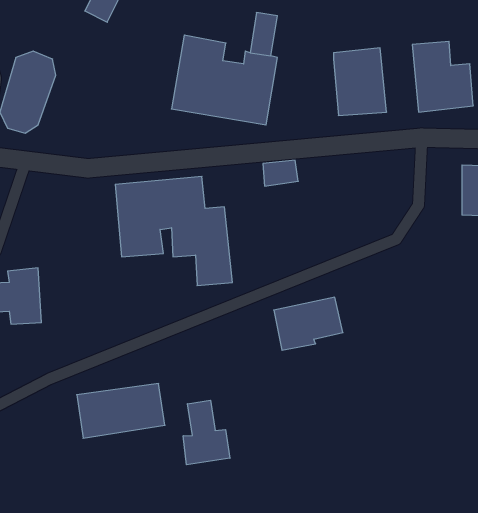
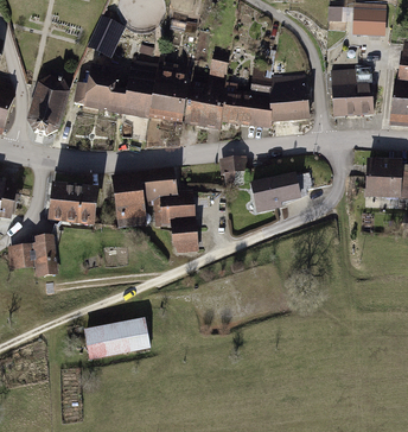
building: none -> [74,59,157,117]
building: none -> [225,69,272,129]
building: none -> [50,183,100,227]
building: [274,297,343,350] -> [249,173,300,212]
building: [183,400,230,465] -> none

